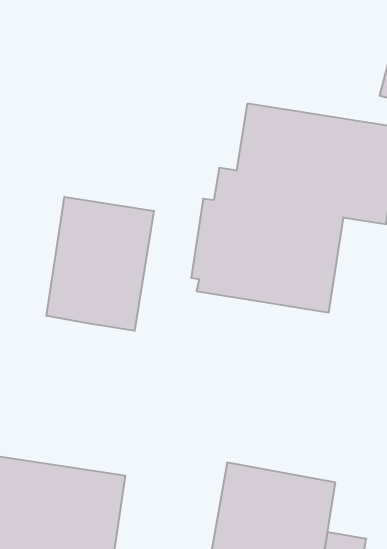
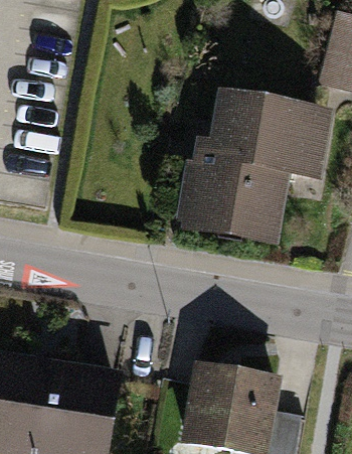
building: [46,197,154,331] -> none

